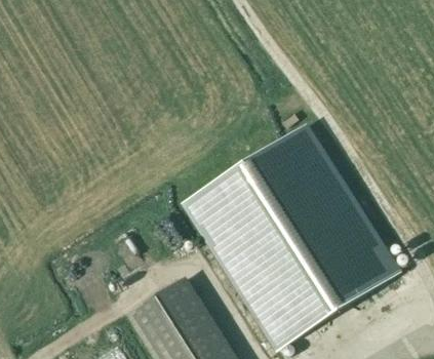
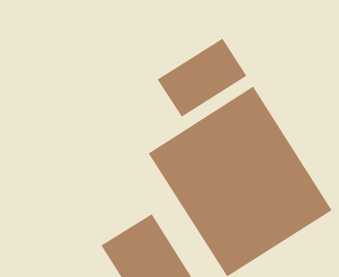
building: none -> [157,38,247,118]

